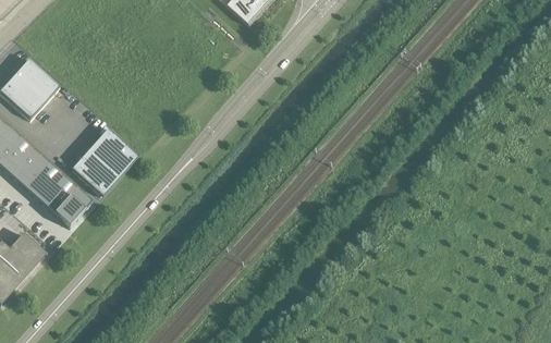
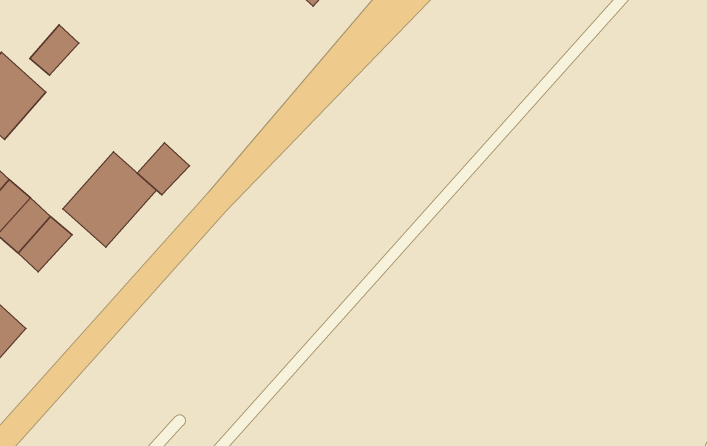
building: none -> [30,25,79,75]
building: none -> [137,143,189,195]
building: [53,186,91,225] -> none

